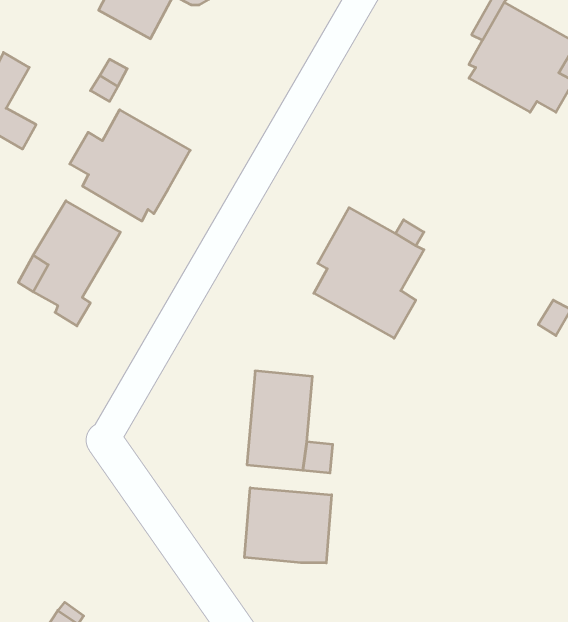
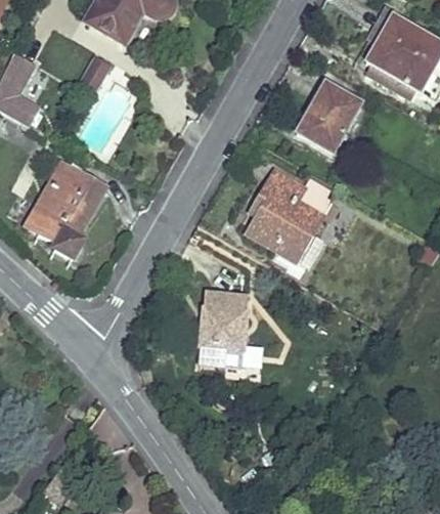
building: none -> [296,83,359,153]
building: [70,110,190,221] -> none
building: [245,488,332,563] -> none

